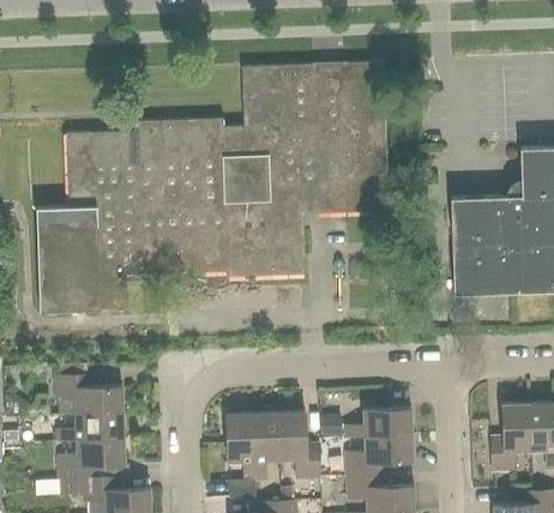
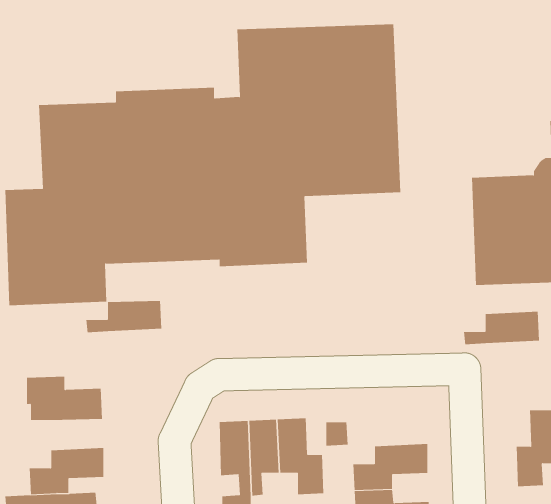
building: [344,409,413,439] -> [463,311,540,345]
building: [56,414,125,442] -> [85,300,162,333]

